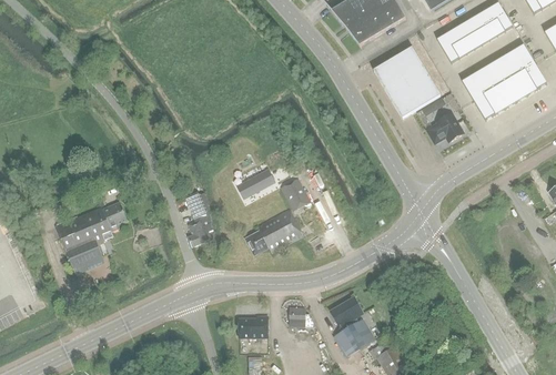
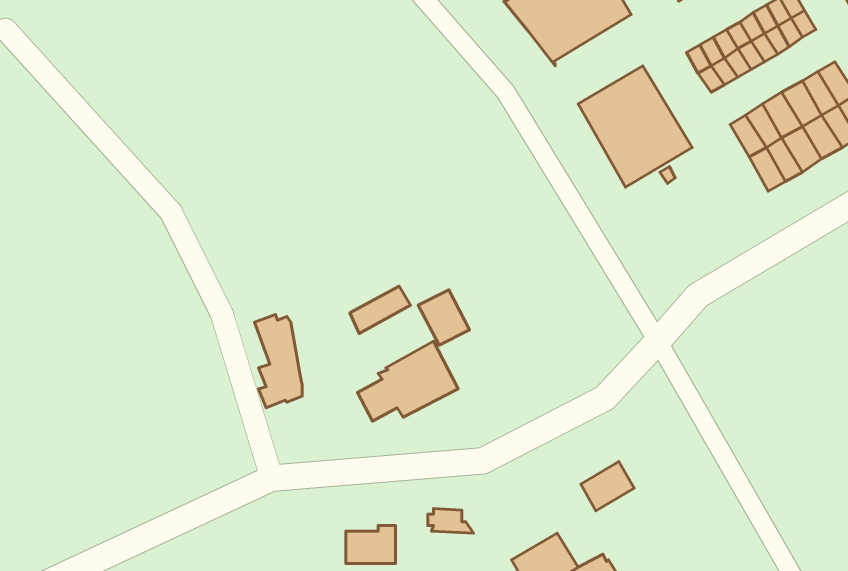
building: [427,112,463,141] -> none
building: [55,200,128,273] -> none
building: [331,296,362,325] -> [581,461,634,511]

